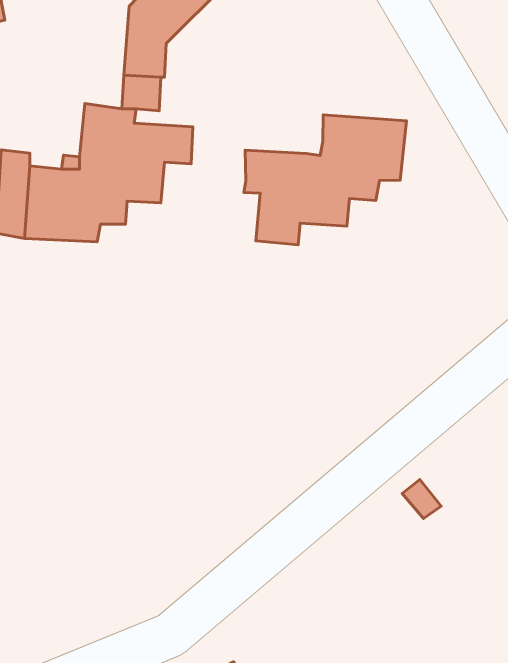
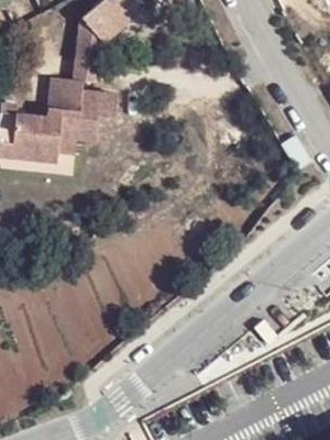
building: [244,115,406,245] -> none

